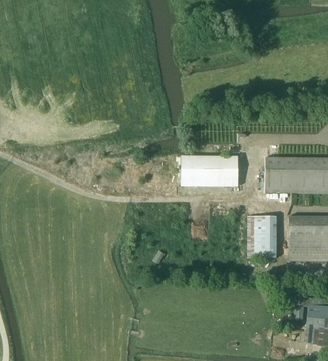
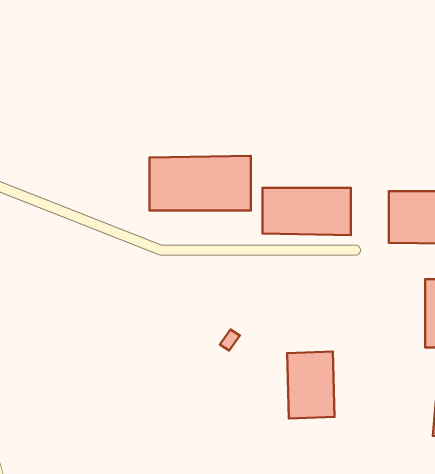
building: none -> [150,156,251,211]
building: [248,214,279,258] -> [287,352,334,418]

